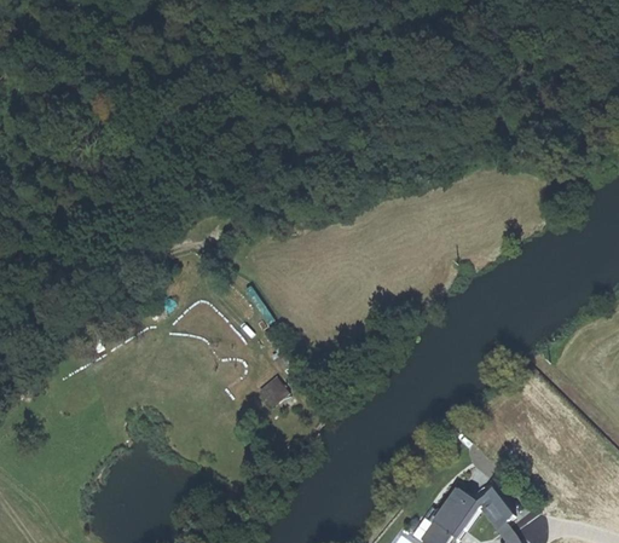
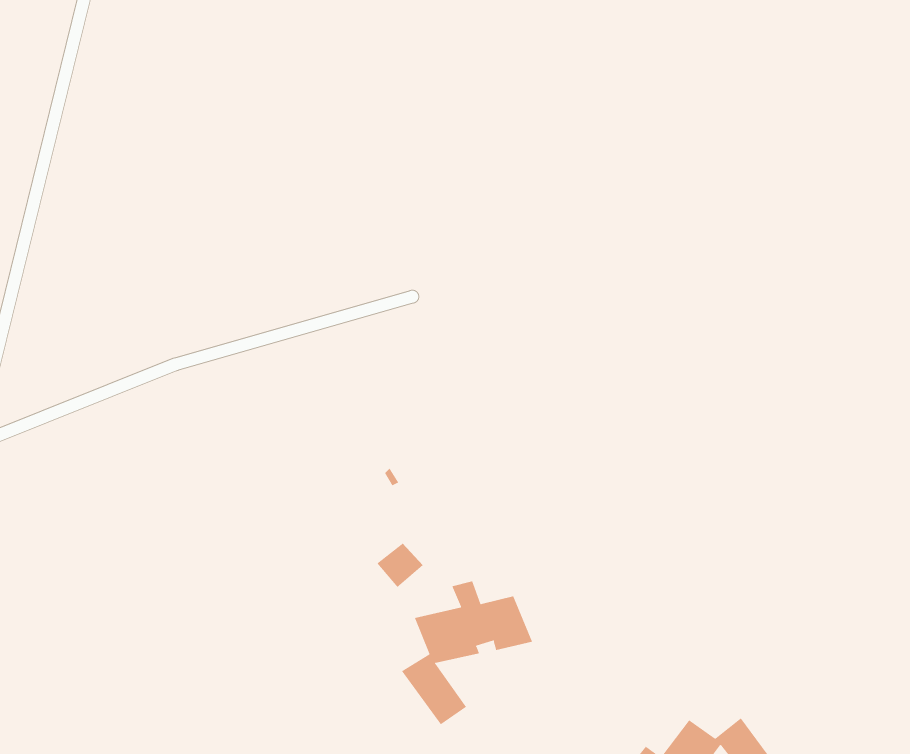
building: none -> [401,581,533,725]

